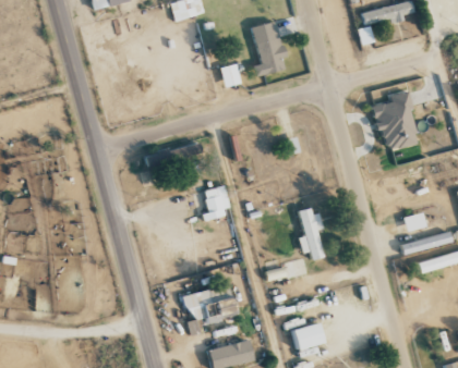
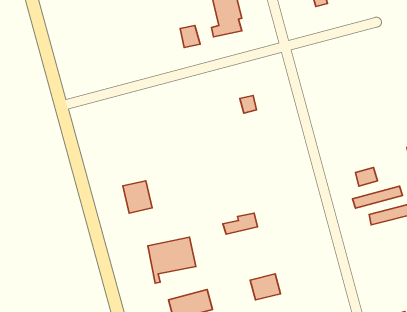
building: [373,91,418,150] -> none
building: [201,185,231,219] -> [123,181,152,213]
building: [299,207,324,260] -> none

